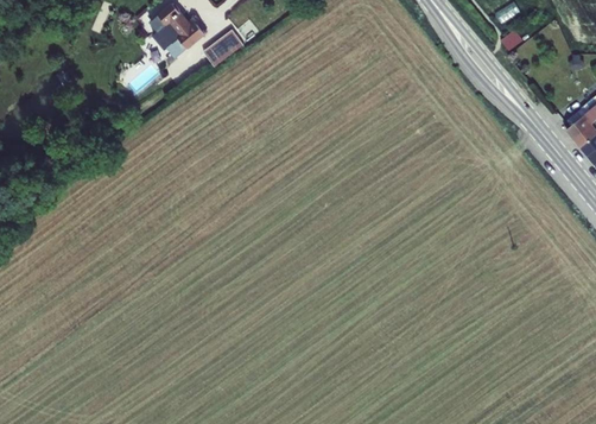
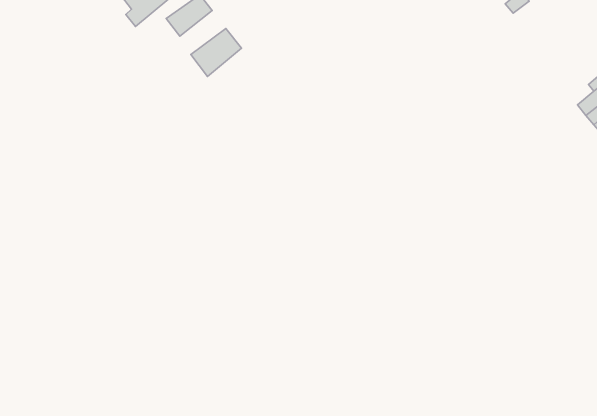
building: none -> [191,28,241,76]

